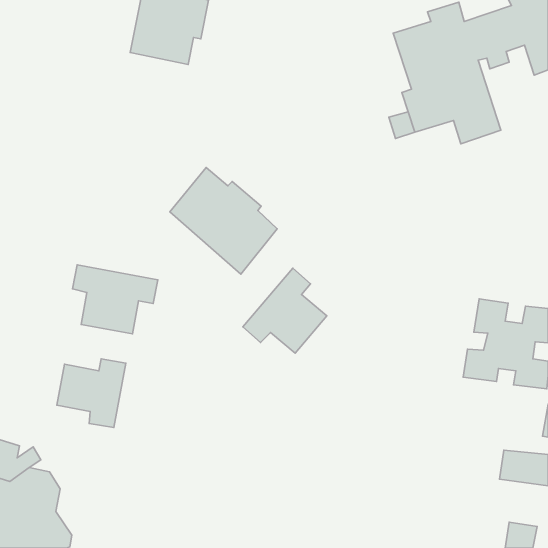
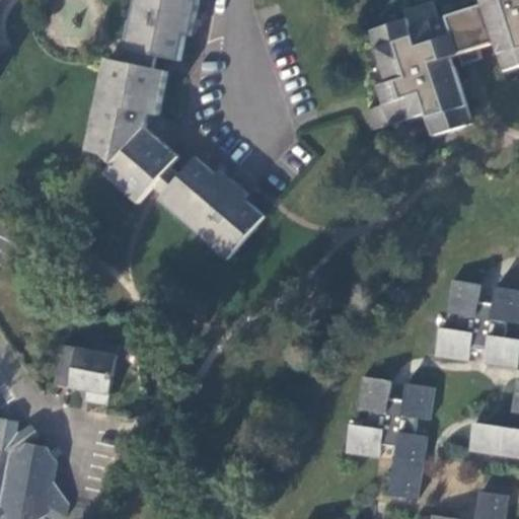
building: none -> [87,58,176,205]
building: [72,265,158,334] -> none
building: [243,268,327,353] -> none
building: none -> [347,378,434,497]

